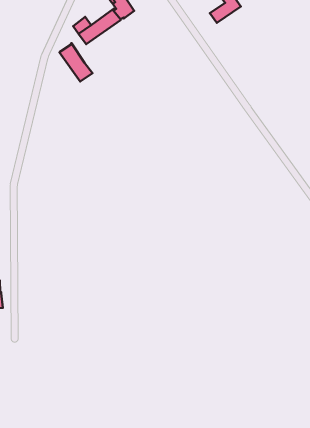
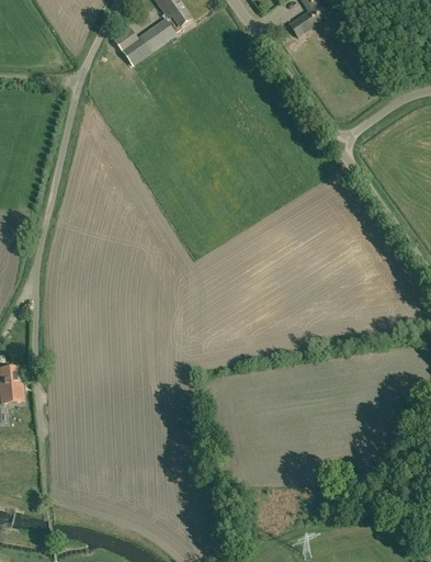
building: [59,43,92,81] -> none

